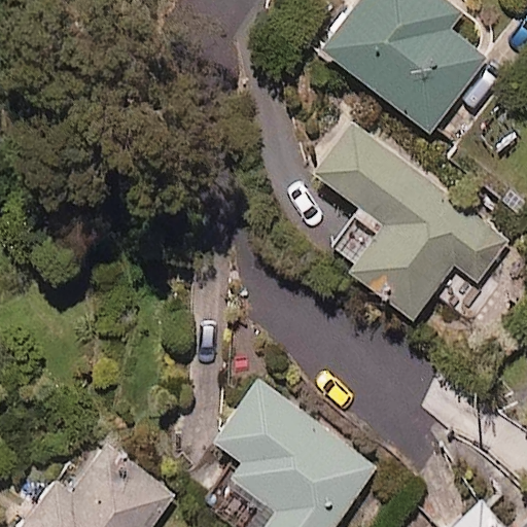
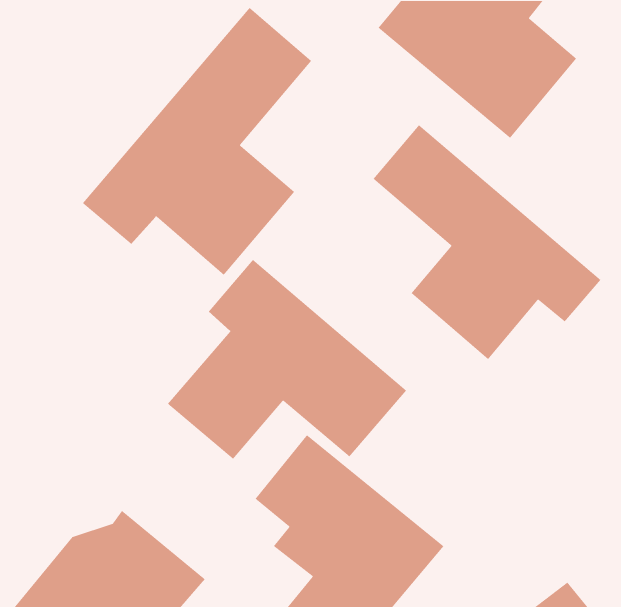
building: none -> [82,7,312,276]
building: none -> [167,259,407,460]

